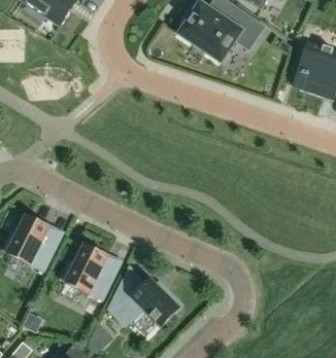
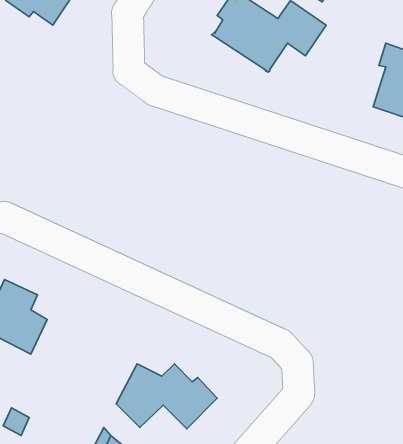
building: [61,244,117,299] -> none

